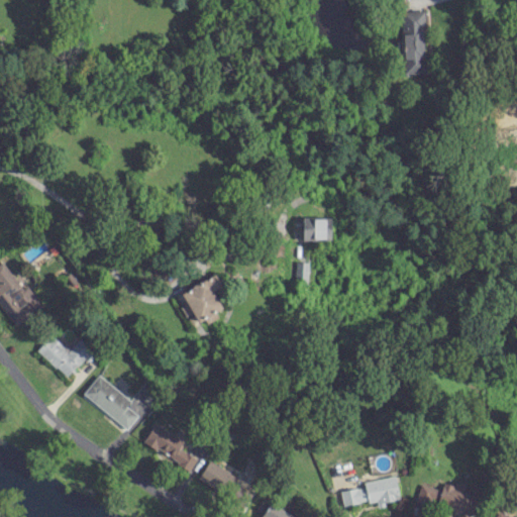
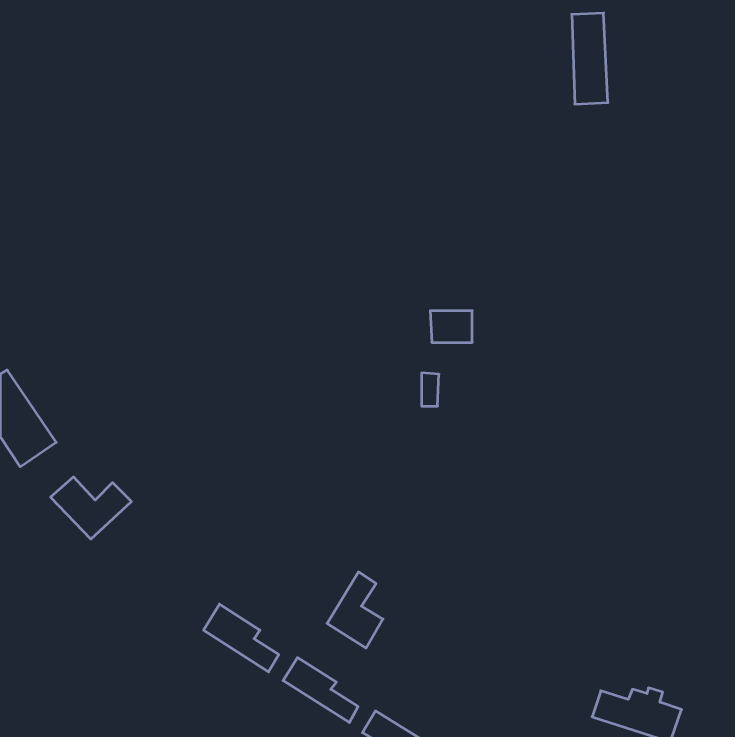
building: [182,274,223,322] -> none
building: [84,375,138,429] -> none
building: none -> [327,572,383,648]
building: [341,477,400,508] -> none

